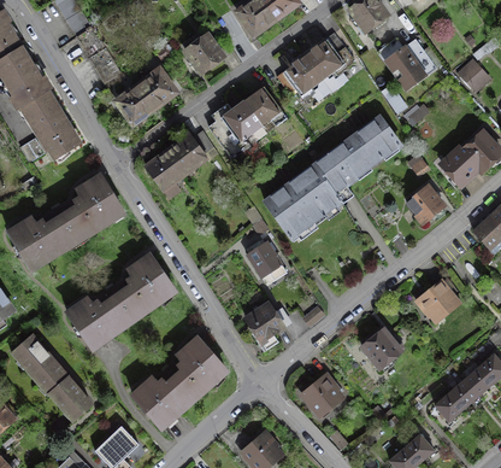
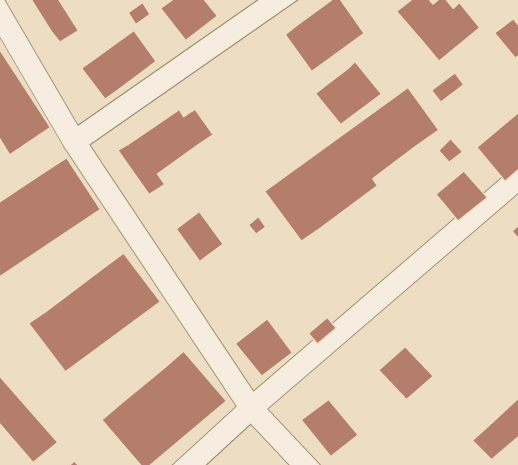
building: [226,87,281,139] -> [315,62,381,125]
building: [242,236,281,277] -> [176,212,223,261]
building: [408,274,461,326] -> none

